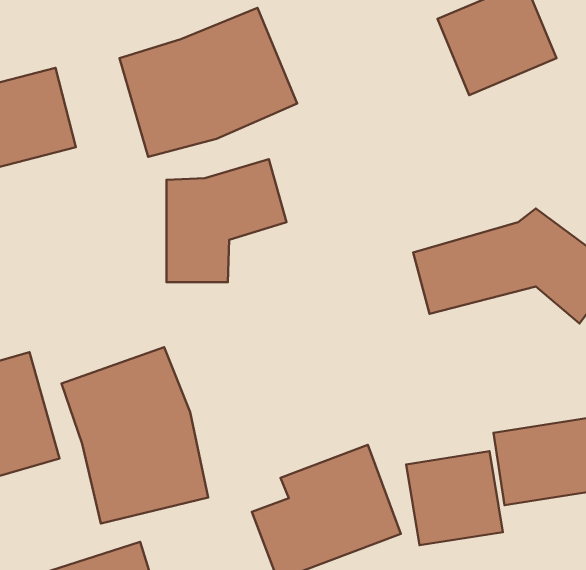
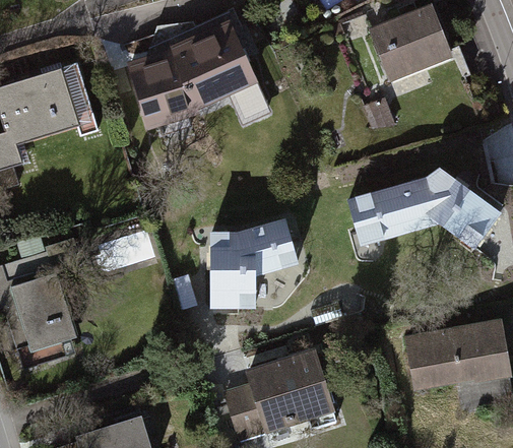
building: [166,159,287,282] -> [209,218,299,310]
building: [62,347,208,523] -> none
building: [406,451,503,545] -> none

